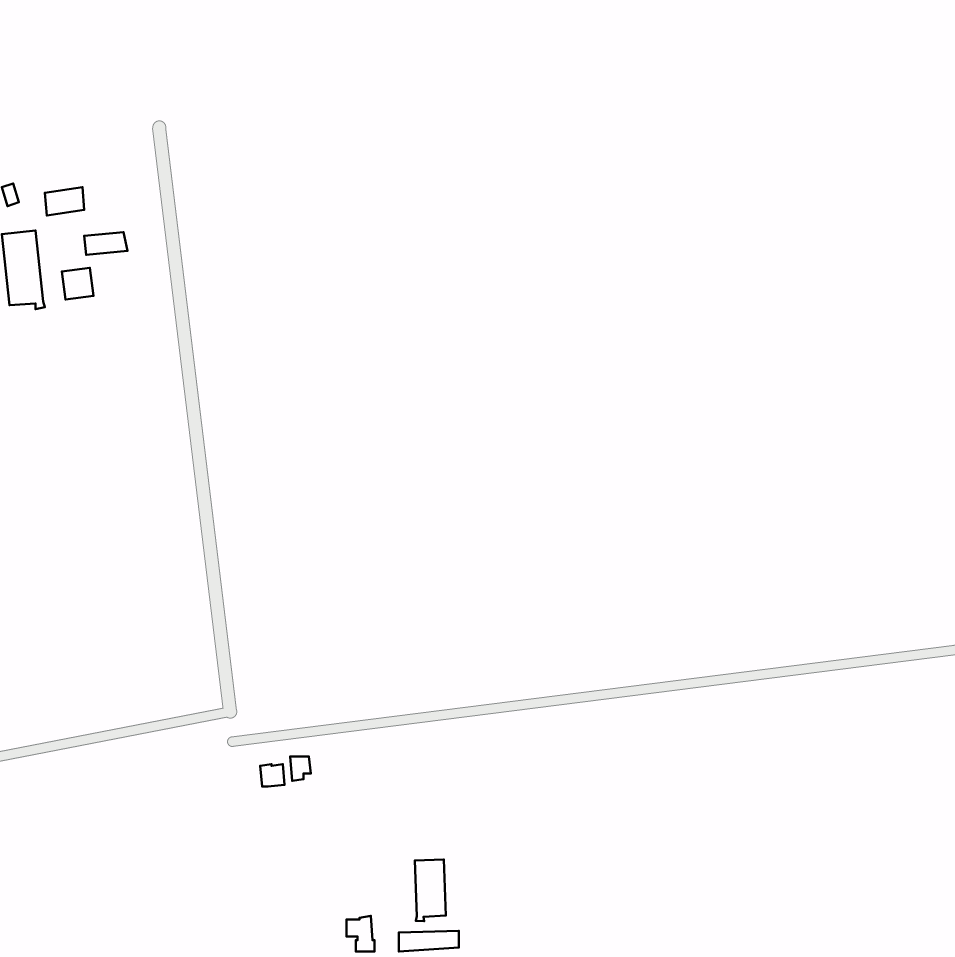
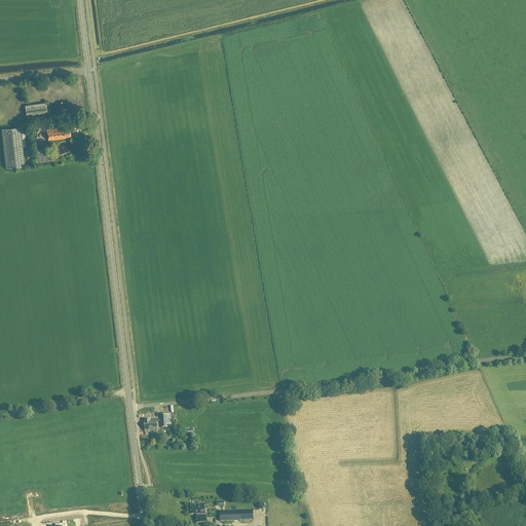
building: [415,859,446,921] -> none

